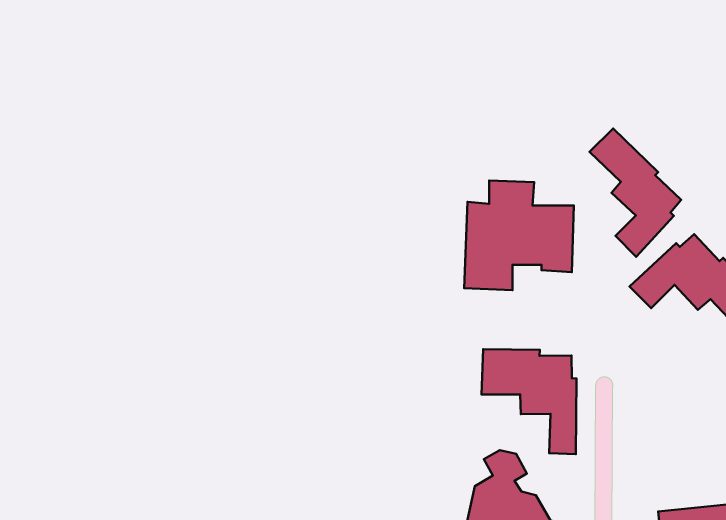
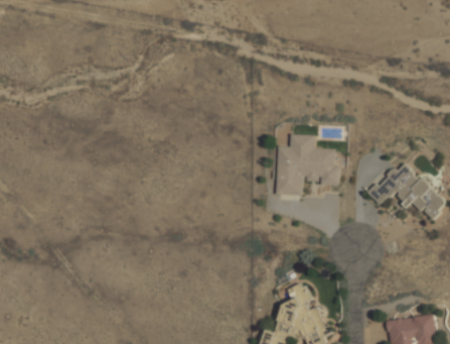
building: [590,128,681,257] -> none
building: [482,349,576,454] -> none

